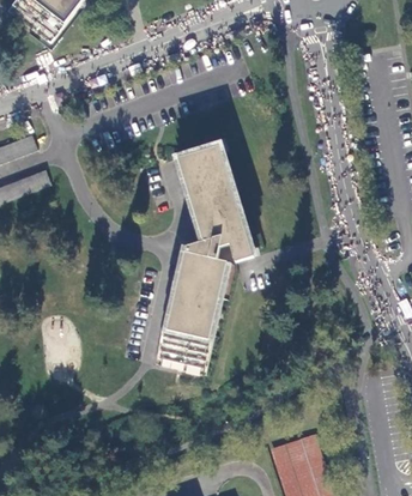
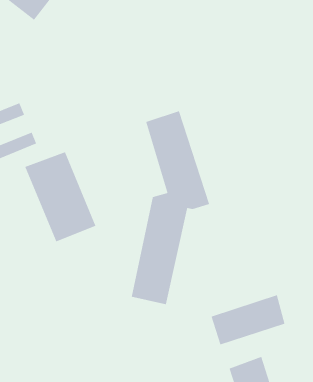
building: none -> [24,151,97,243]
building: none -> [211,294,285,345]

